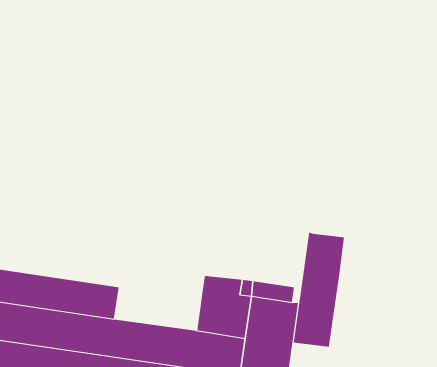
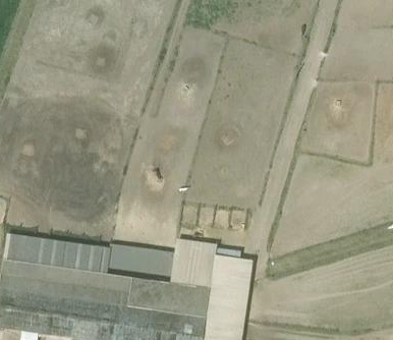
building: [293,232,345,347] -> none
building: none -> [106,244,175,283]

